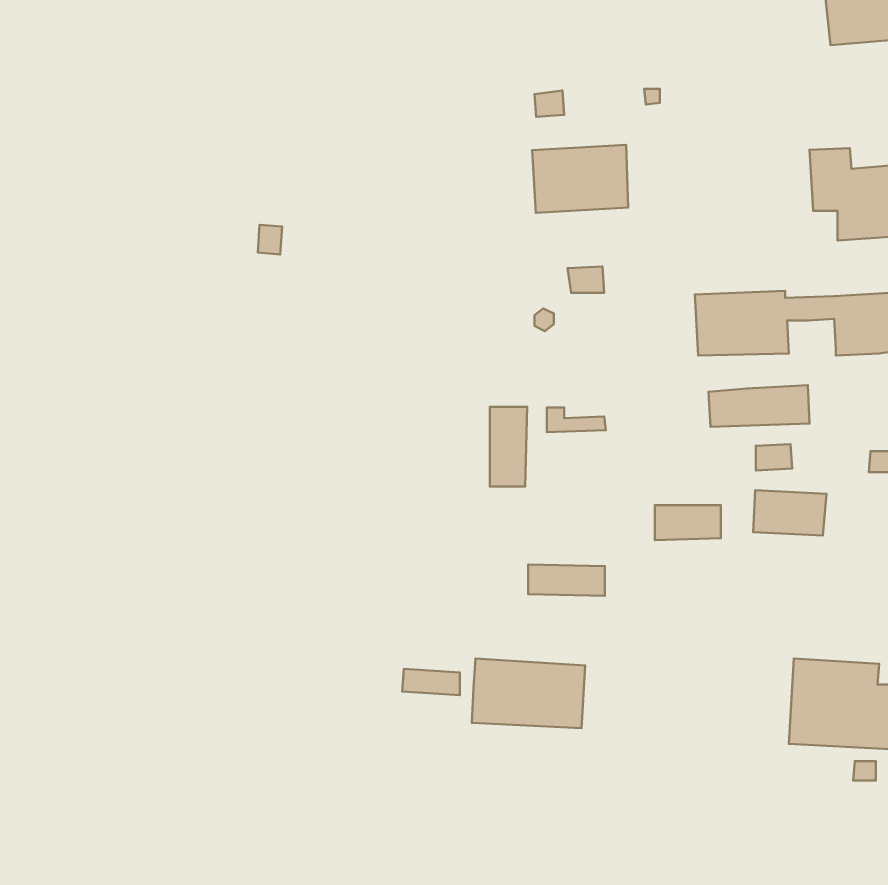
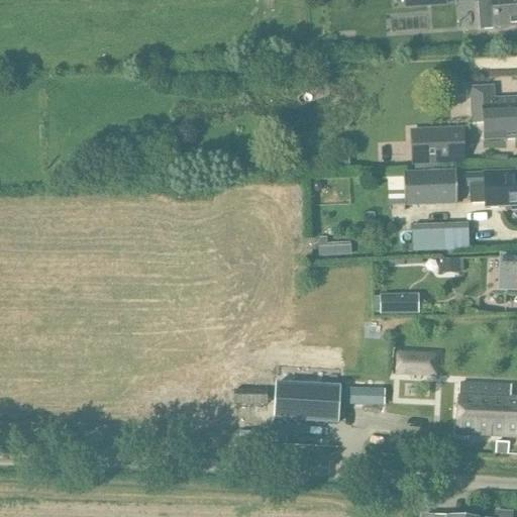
building: [532,145,628,213] -> [410,125,466,165]
building: [490,407,527,487] -> none
building: [753,490,826,536] -> [398,349,440,376]
building: [528,564,605,596] -> [341,387,386,405]

